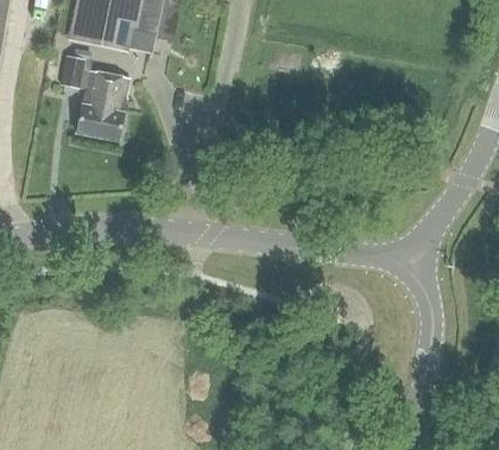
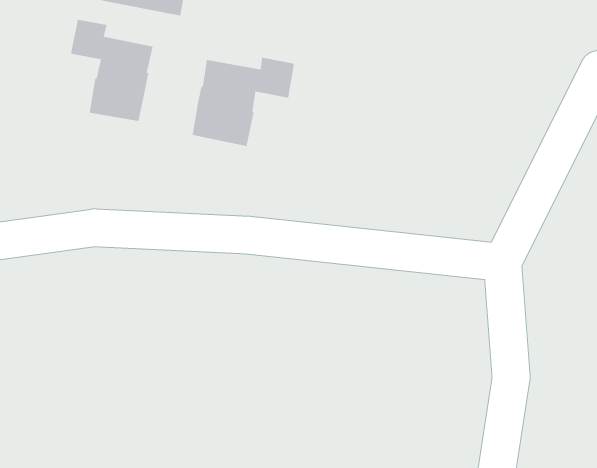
building: none -> [192,57,295,147]

